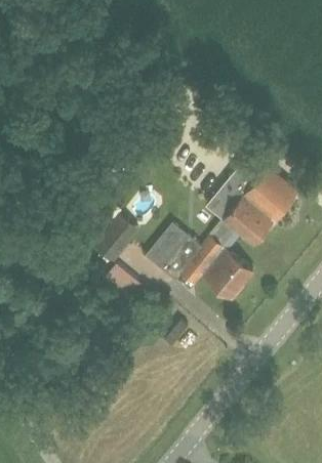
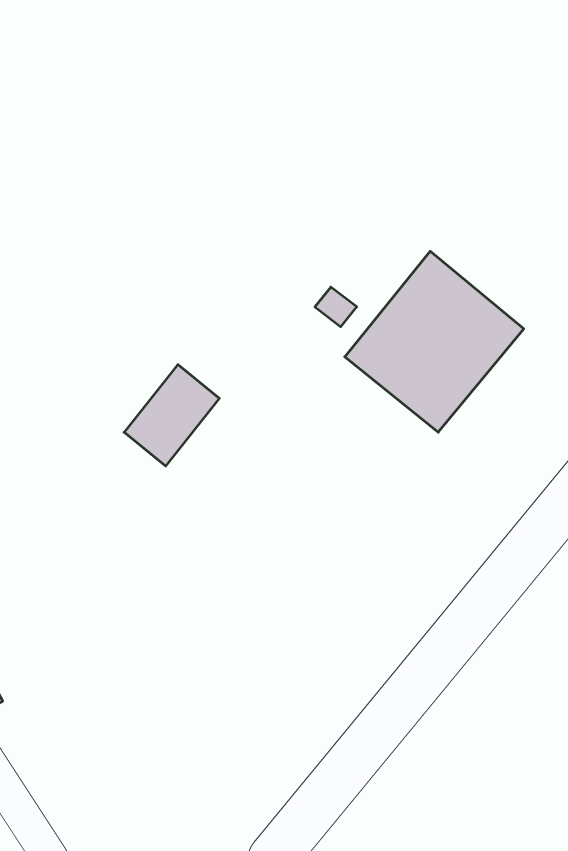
building: [146,224,252,299] -> none

